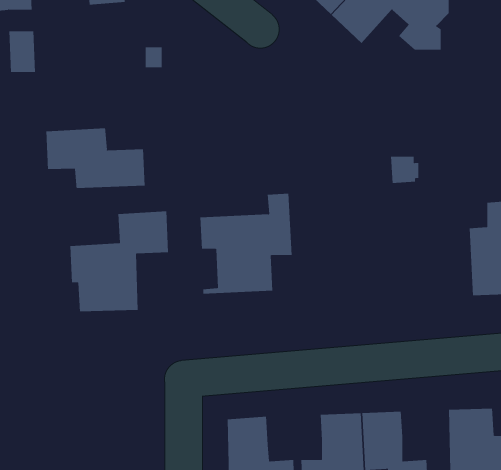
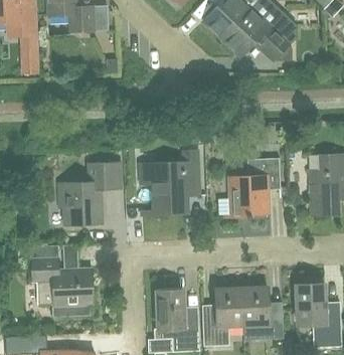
building: [46,128,145,189] -> none
building: none -> [231,157,280,217]
building: none -> [29,245,93,316]

